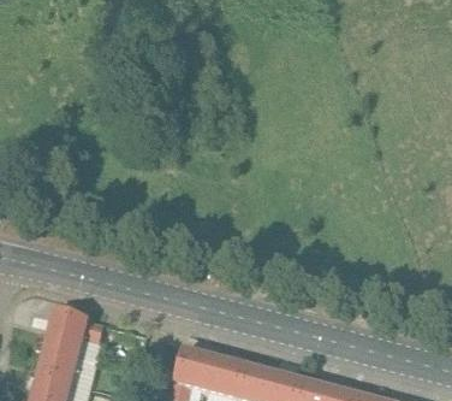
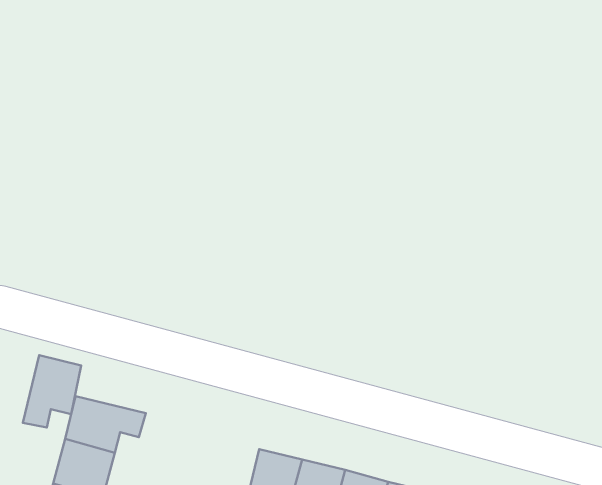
building: none -> [23,355,81,428]

